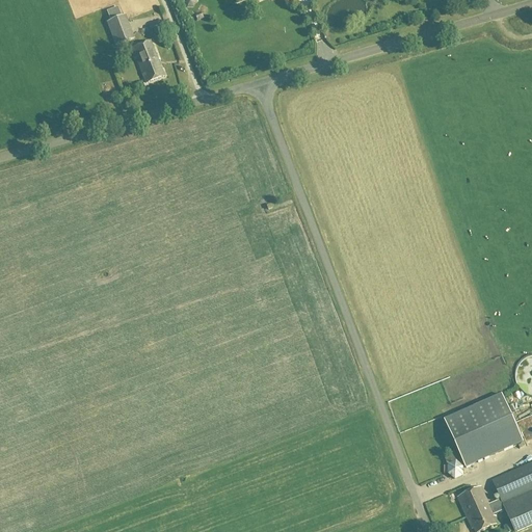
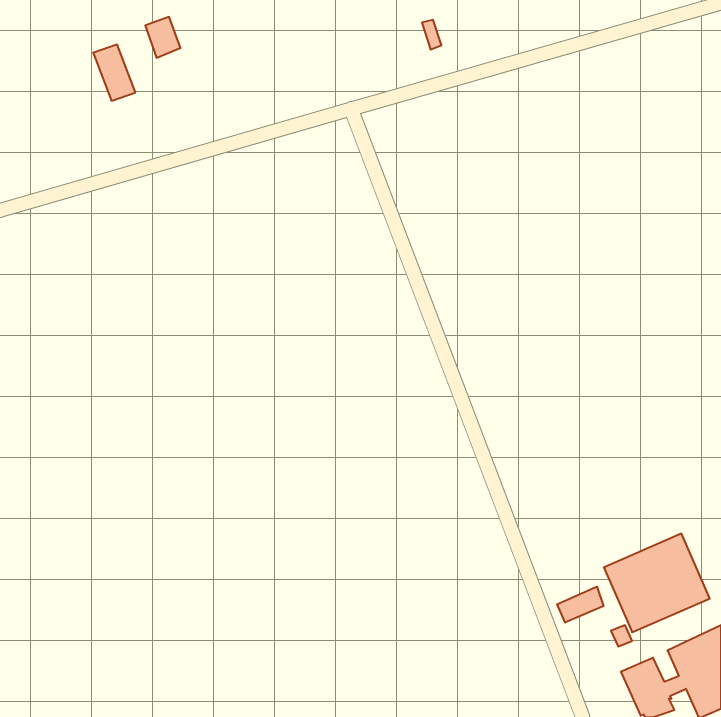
building: [132,38,163,80] -> [93,44,135,101]
building: none -> [557,587,604,623]

